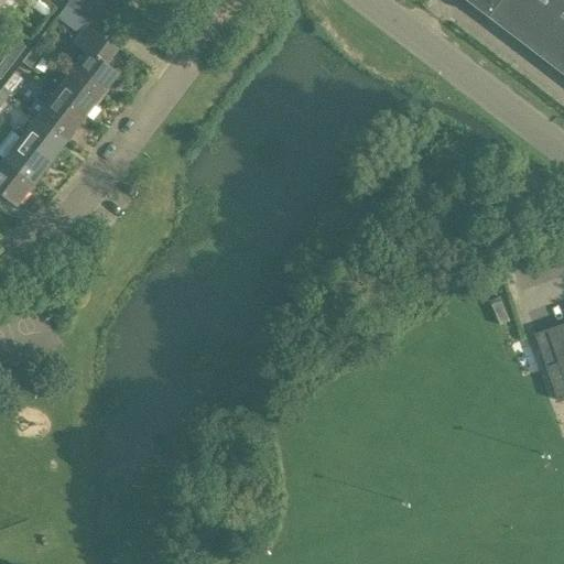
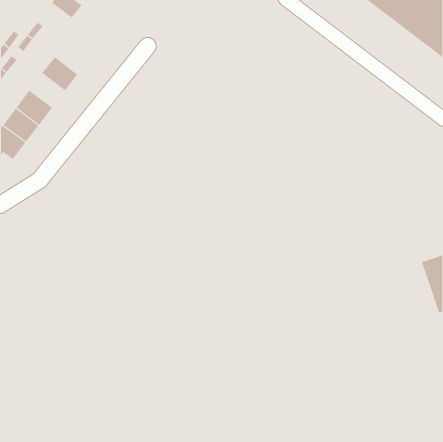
building: [69,24,117,95] -> none
building: [28,93,83,137] -> none

